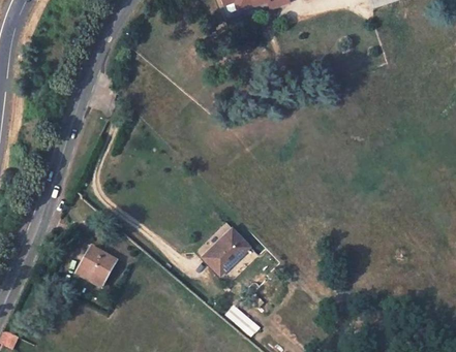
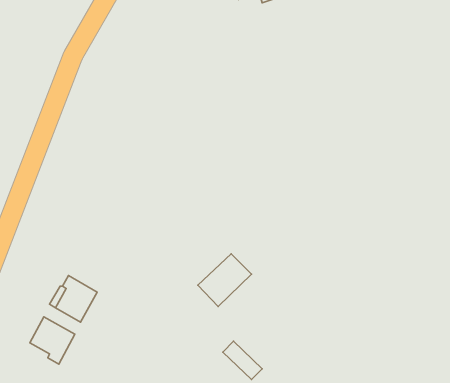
building: none -> [30,317,75,364]

